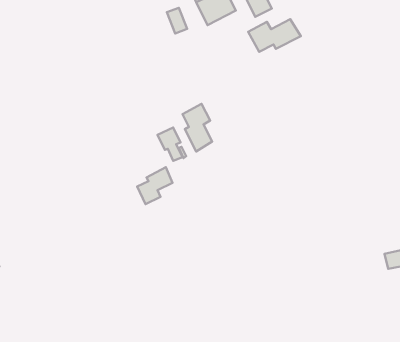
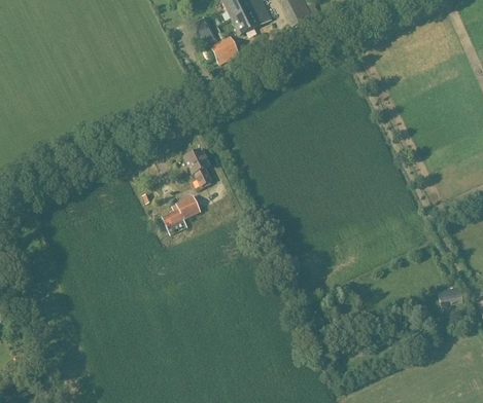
building: [248,19,301,52] -> none
building: none -> [209,35,239,64]
building: [182,104,212,152] -> none

